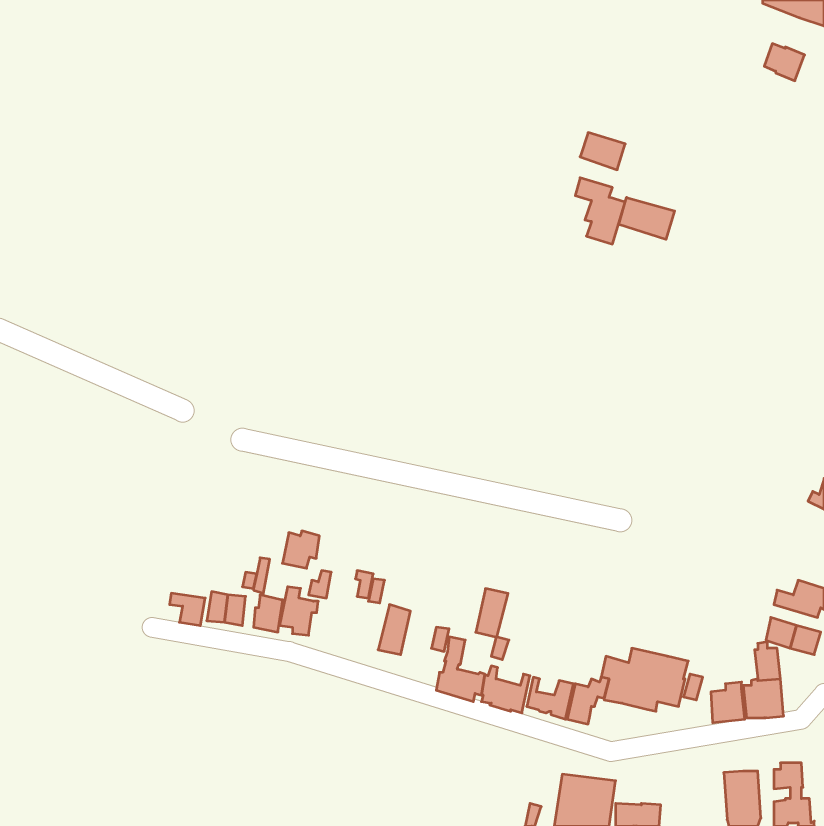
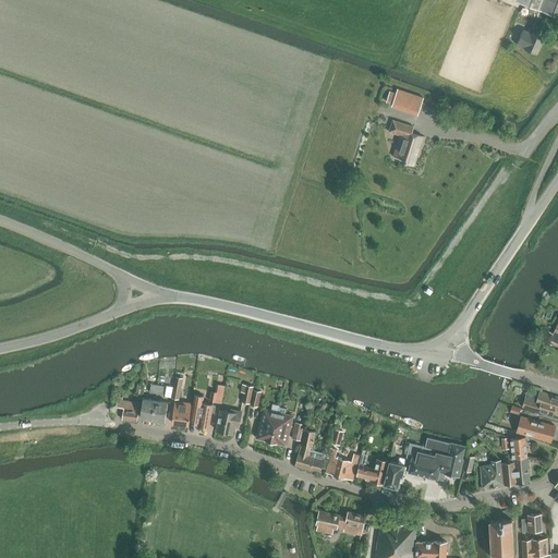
building: [619,197,675,239] -> none
building: [282,531,319,568] -> [215,409,240,434]
building: [476,589,508,637] -> [270,412,292,445]
building: none -> [315,510,365,535]

